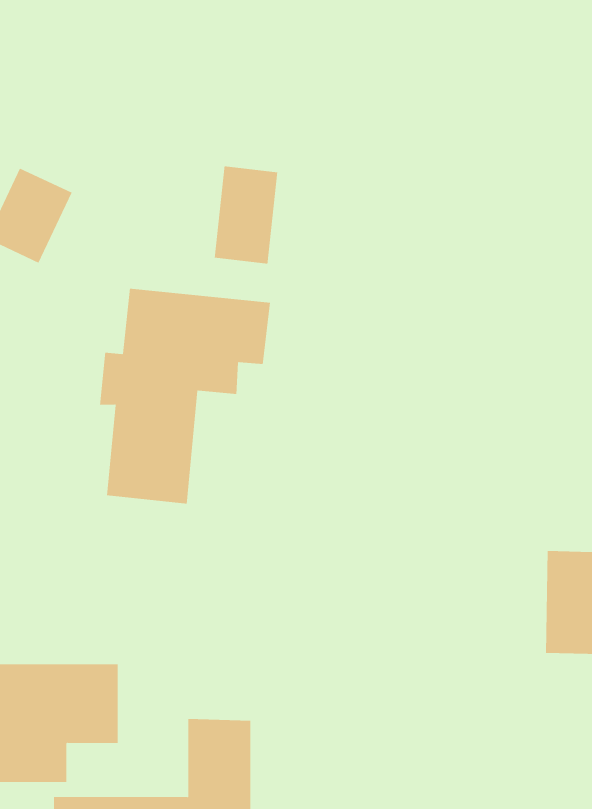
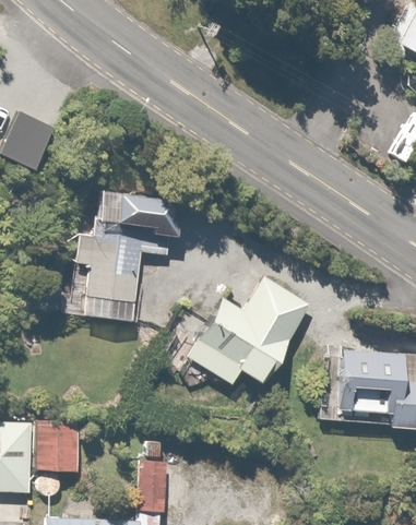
building: [214,165,278,264] -> none
building: none -> [154,276,310,387]

